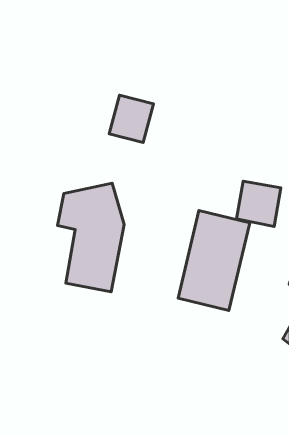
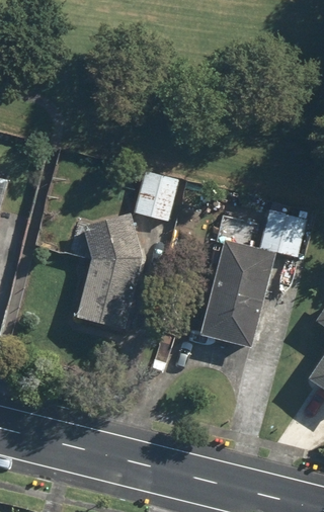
building: [109,95,154,142] -> [131,170,178,221]

